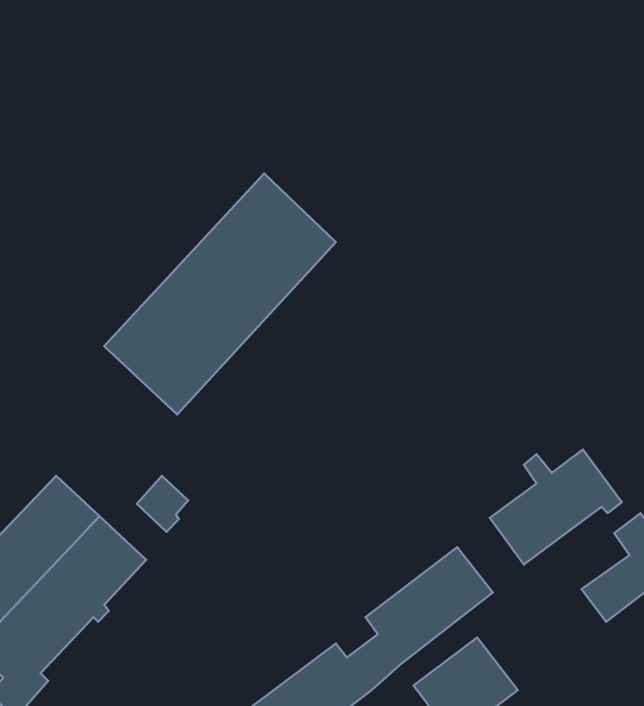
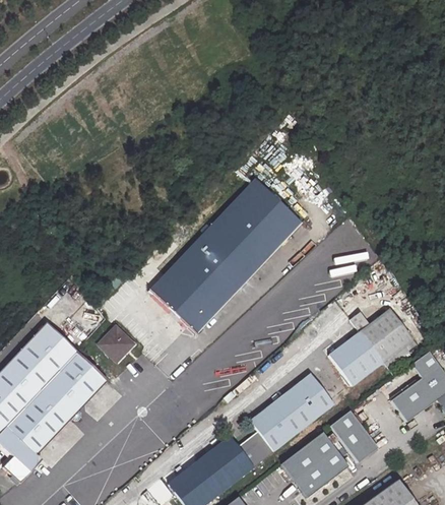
building: [104,174,336,415] -> [148,181,300,338]
building: none -> [330,411,378,462]

